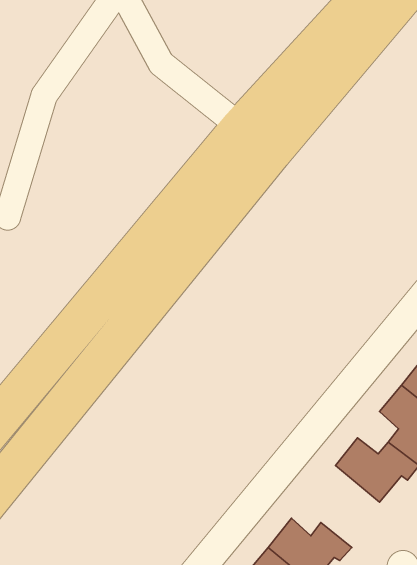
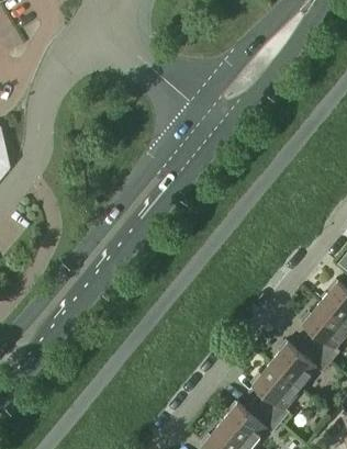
building: none -> [251,362,302,424]

